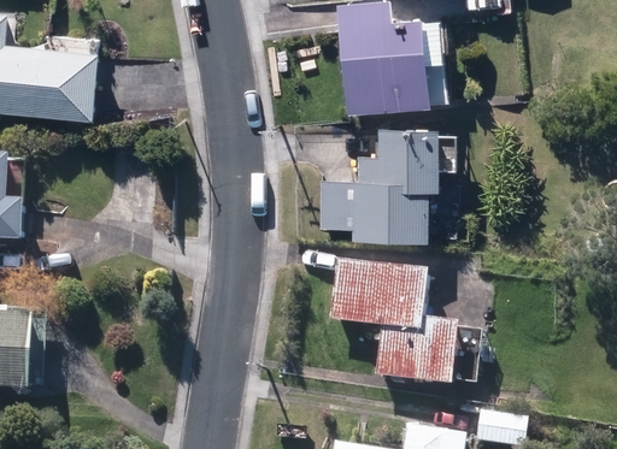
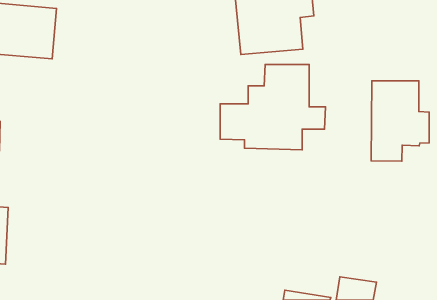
building: none -> [371,81,429,161]
building: [329,262,460,389] -> none

